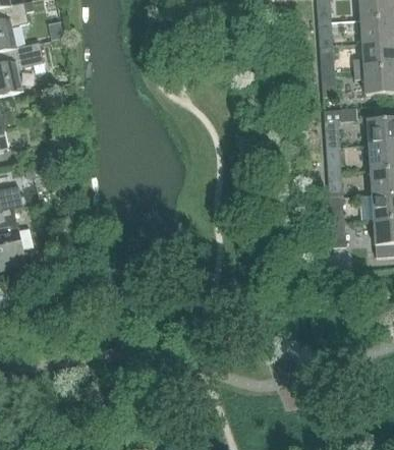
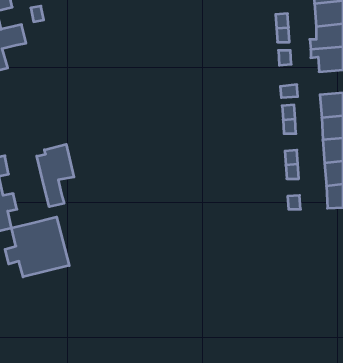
building: none -> [37,144,74,207]
building: none -> [5,217,69,277]

